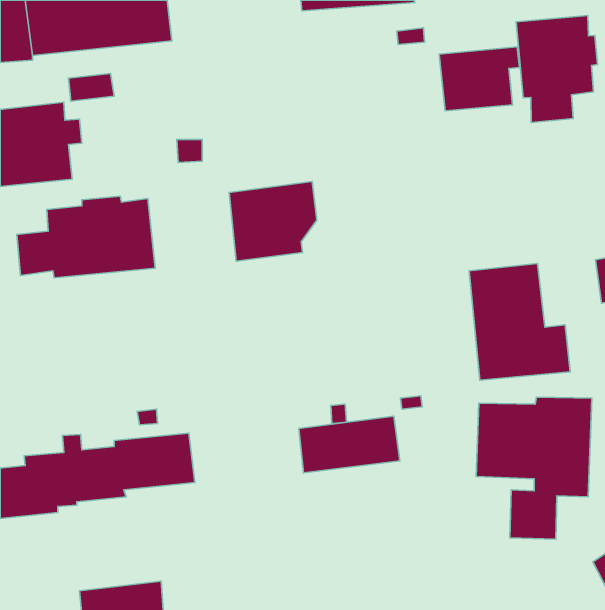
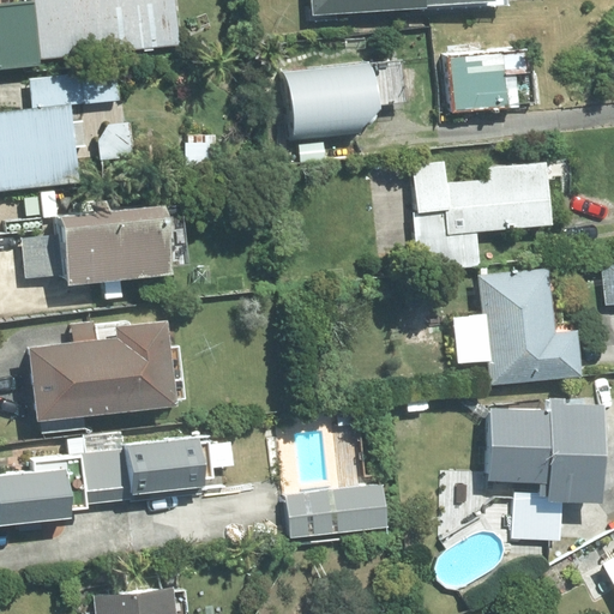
building: [516,16,598,122] -> none
building: none -> [414,162,552,273]
building: [229,182,317,261] -> [285,65,373,144]
building: none -> [24,319,186,420]
building: [299,416,400,473] -> [289,483,390,540]

